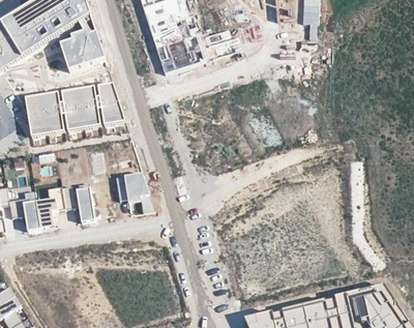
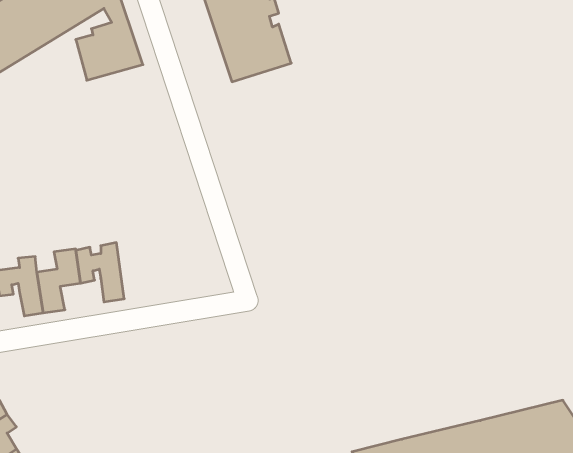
building: [21,84,123,137] -> none
building: [114,172,153,210] -> none

